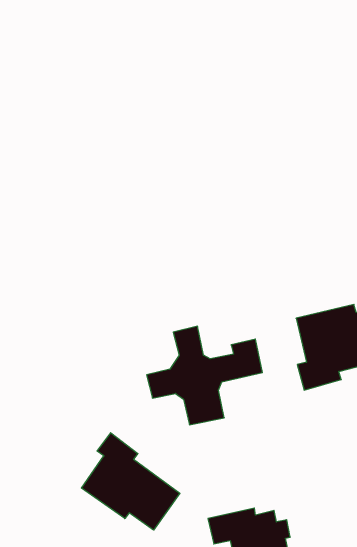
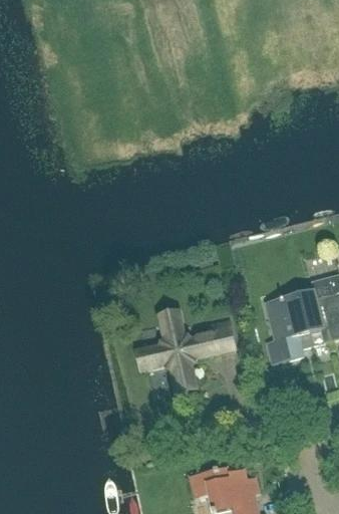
building: [81,433,180,530] -> none

